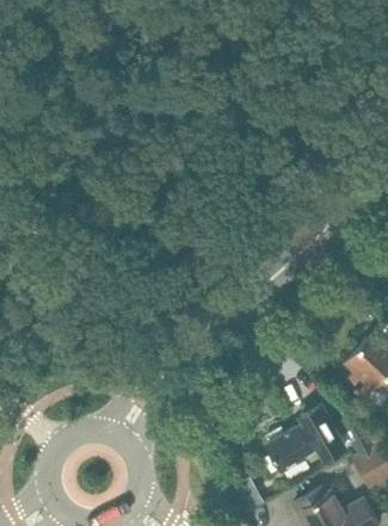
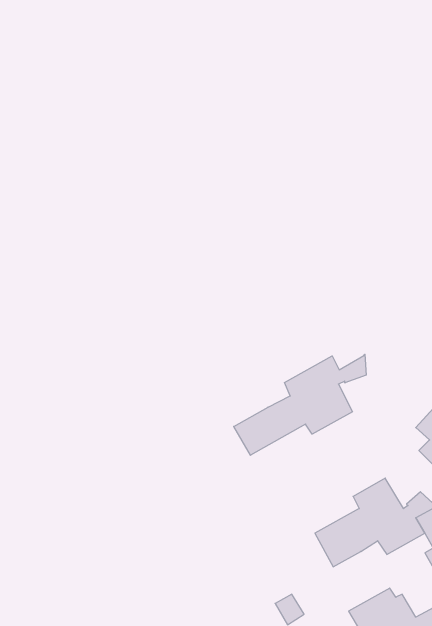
building: none -> [234,354,366,455]

